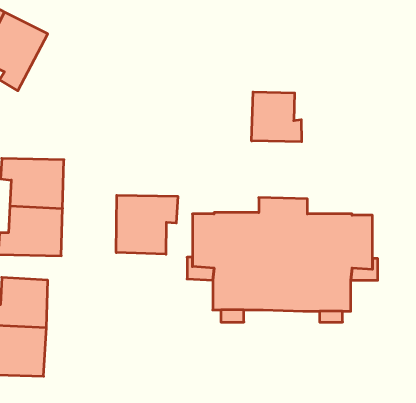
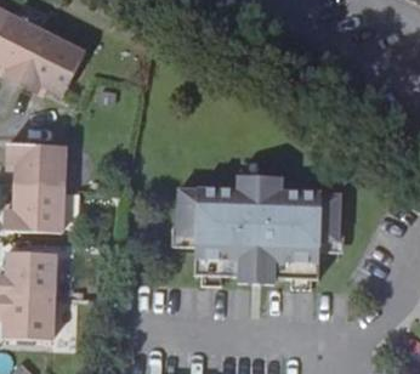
building: none -> [24,32,90,95]
building: [252,92,302,142] -> none
building: [116,195,178,254] -> none

